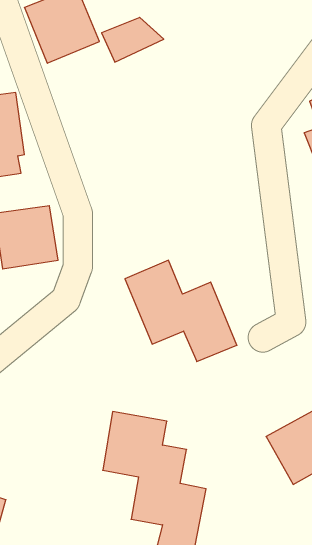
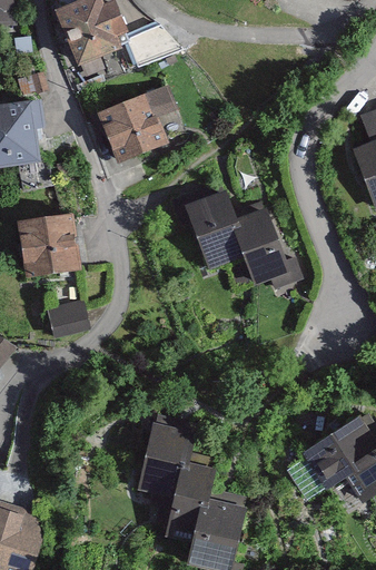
building: none -> [98,82,179,169]
building: [125,260,237,362] -> [174,179,288,283]
building: none -> [46,293,86,335]

